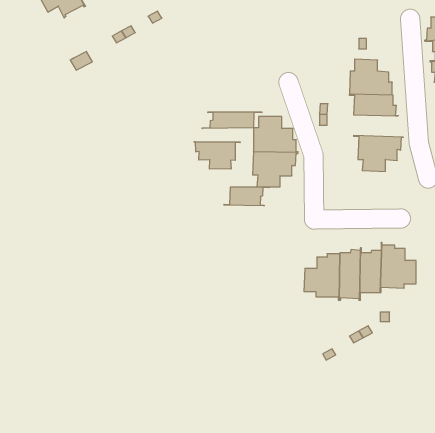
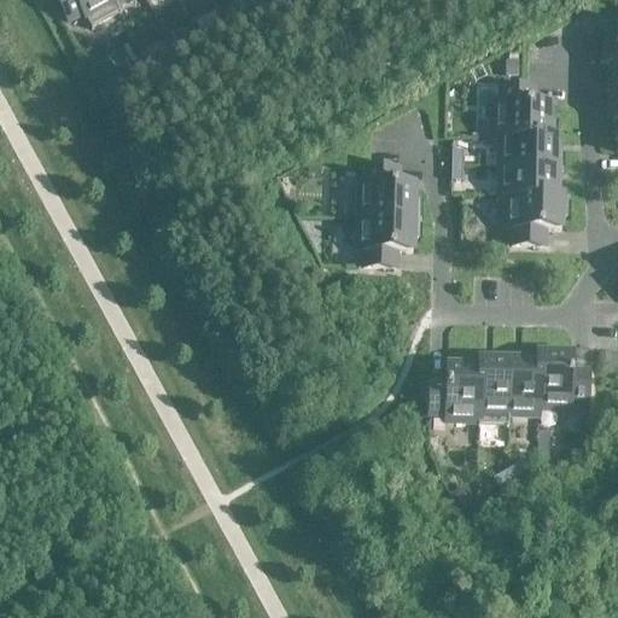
building: [202,112,262,129] -> none
building: none -> [502,162,572,193]
building: [194,142,240,169] -> none
building: [224,187,269,206] -> none

